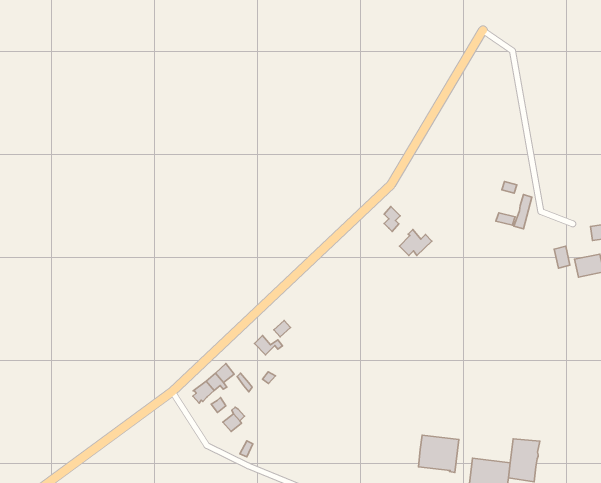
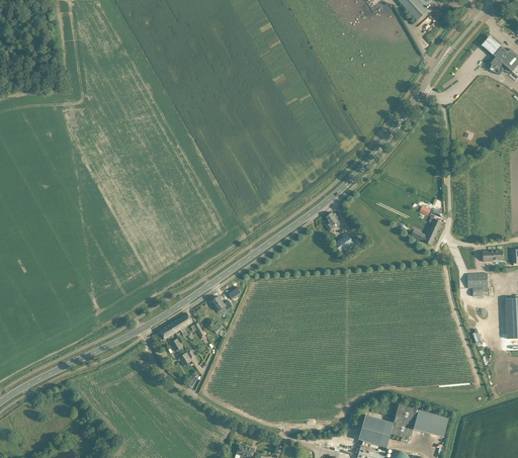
building: [419,435,459,472] -> none
building: none -> [413,409,448,437]

